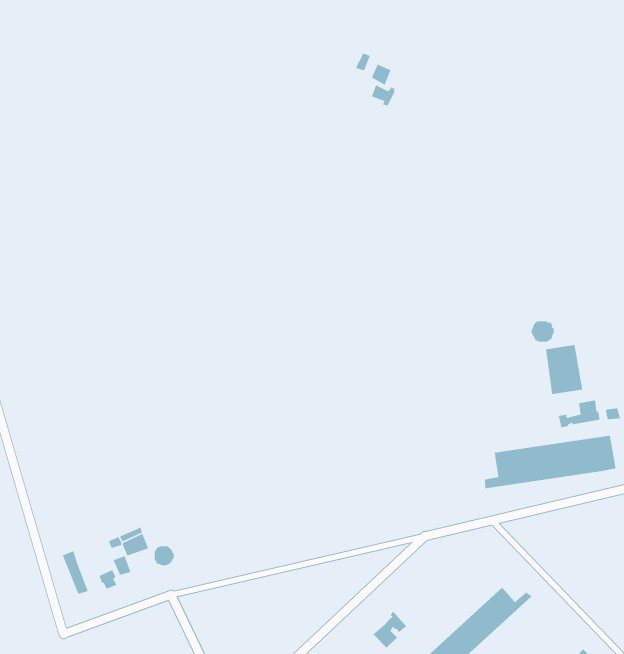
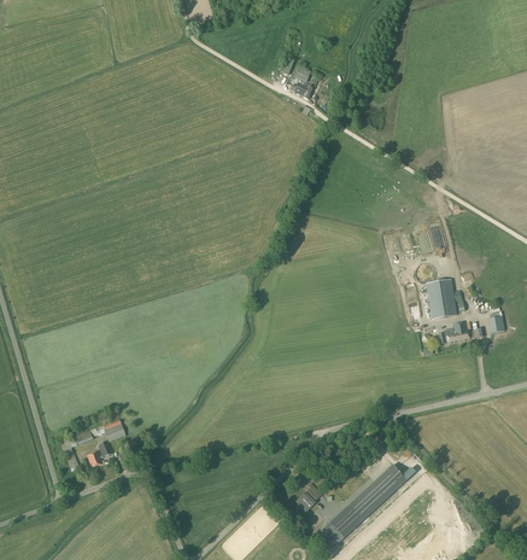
building: [484,435,617,489] -> none

